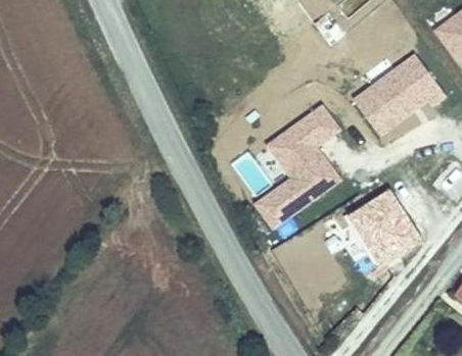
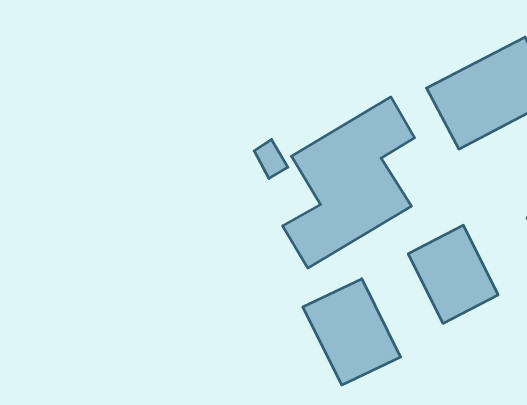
building: none -> [303,279,401,385]

